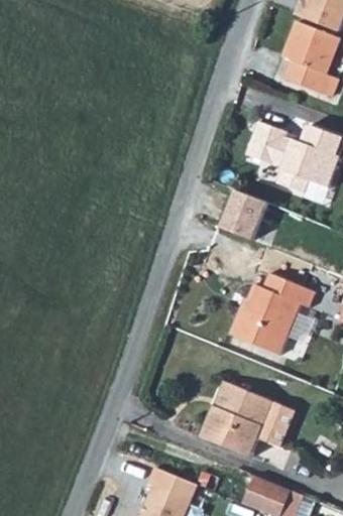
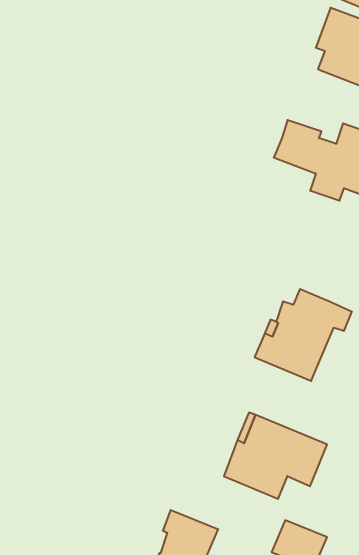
building: [223,185,270,237] -> none

